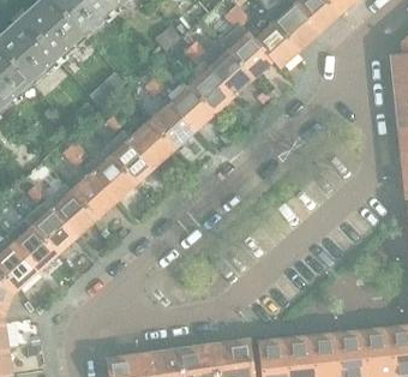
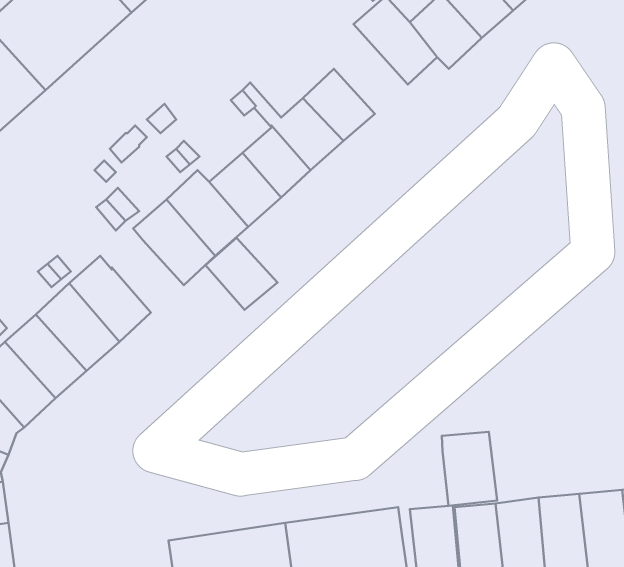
building: [190,40,254,96] -> none
building: [72,174,116,219] -> [205,238,277,310]
building: none -> [442,432,497,506]

